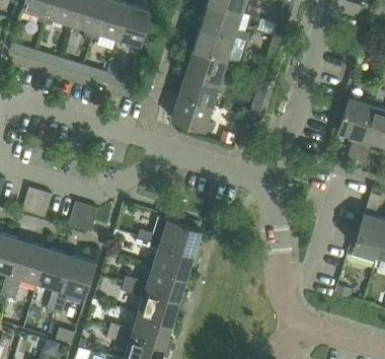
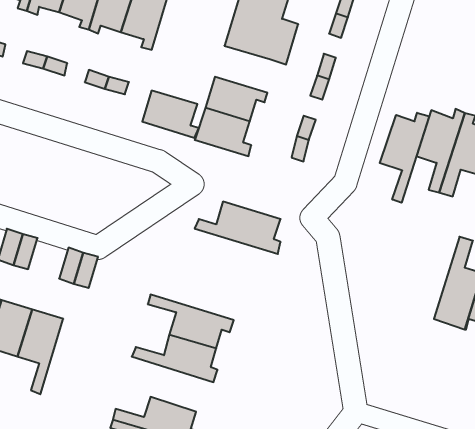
building: [185,50,228,85] -> [142,91,199,138]
building: none -> [380,113,429,203]
building: [137,217,202,257] -> [195,202,281,254]
building: [54,256,95,314] -> none
building: [121,284,184,326] -> none

